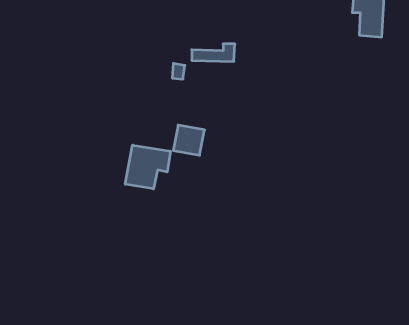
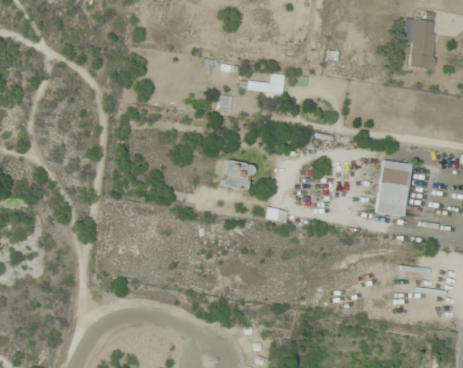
building: none -> [377,160,409,215]
building: [125,145,170,189] -> none

